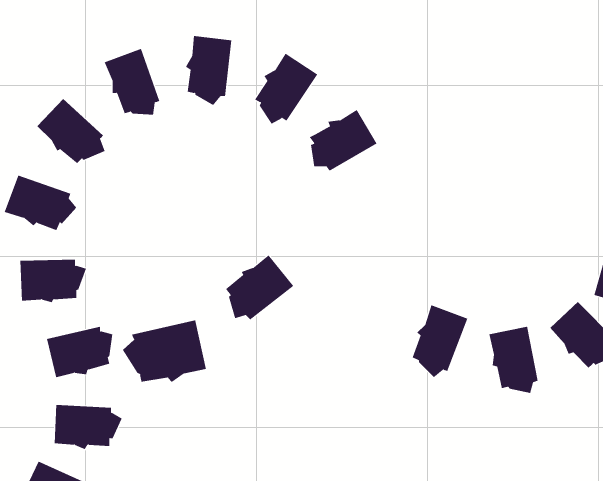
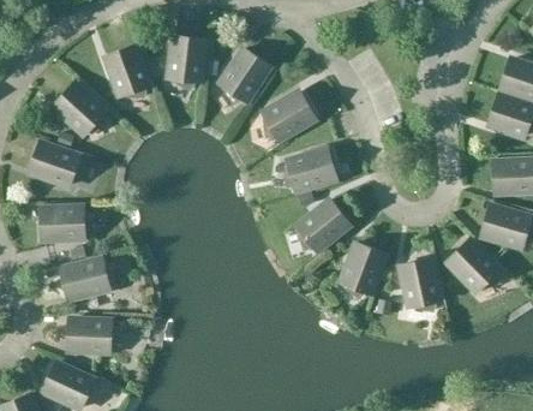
building: none -> [283,150,336,191]
building: [225,255,294,320] -> [297,201,349,251]
building: [122,319,207,383] -> none

